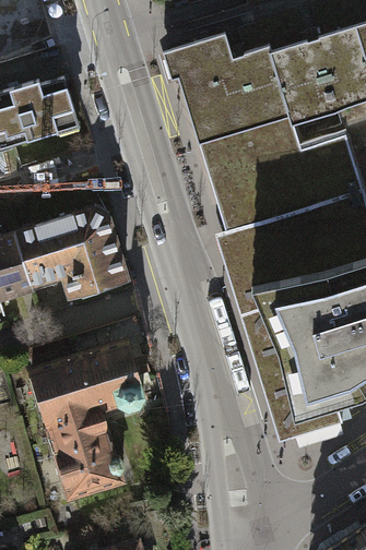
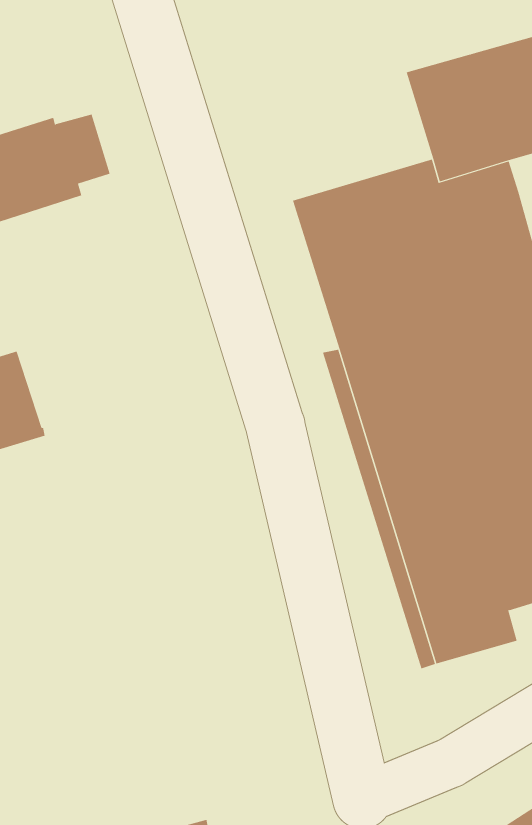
building: [170,34,287,136] -> none
building: [15,211,127,296] -> none
building: [32,342,150,497] -> none

